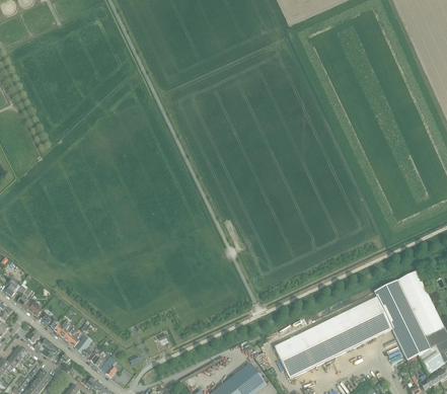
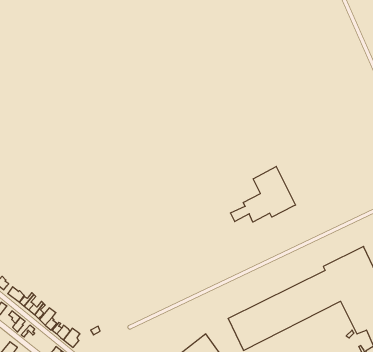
building: none -> [230,166,296,222]

